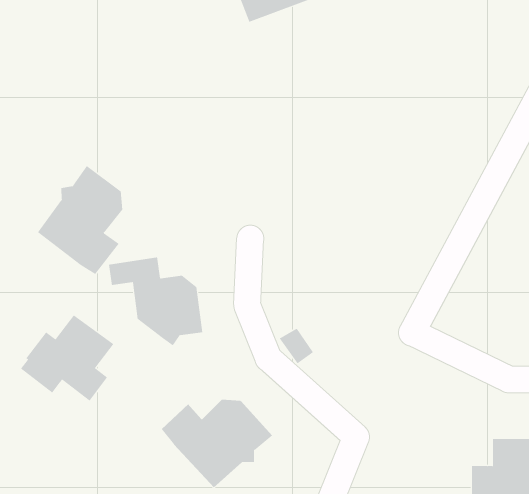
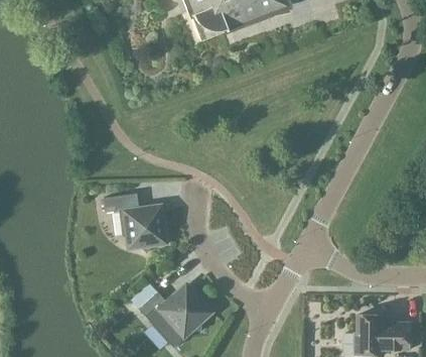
building: [37,165,123,275] -> none
building: [20,314,114,401] -> none

